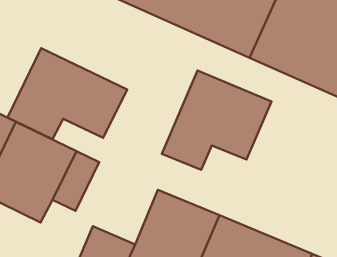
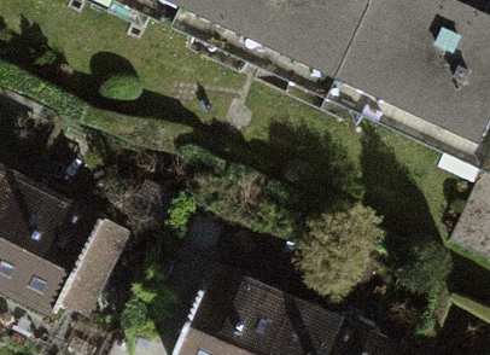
building: [7,48,127,139] -> none
building: [162,71,272,170] -> none

